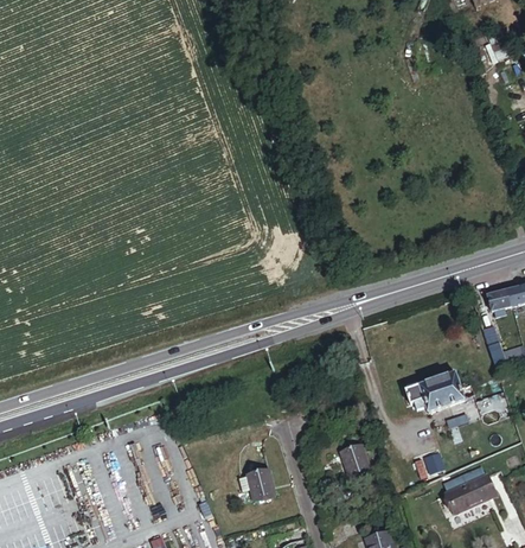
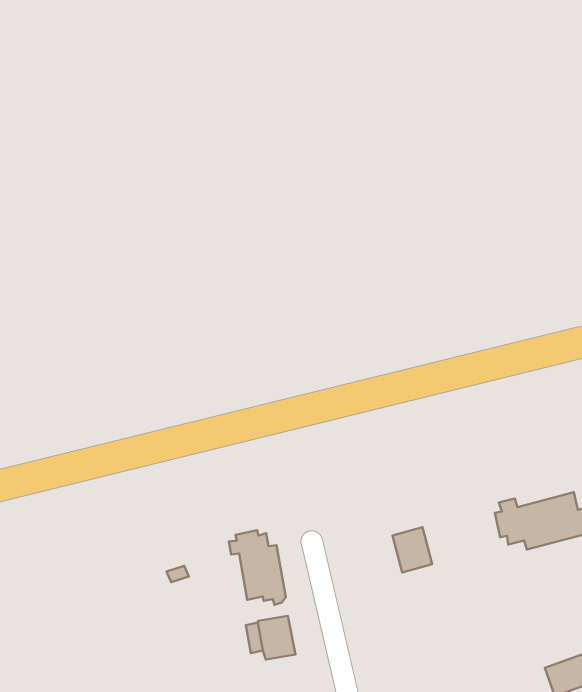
building: none -> [229,530,286,605]
building: [341,444,370,476] -> [393,527,432,572]

